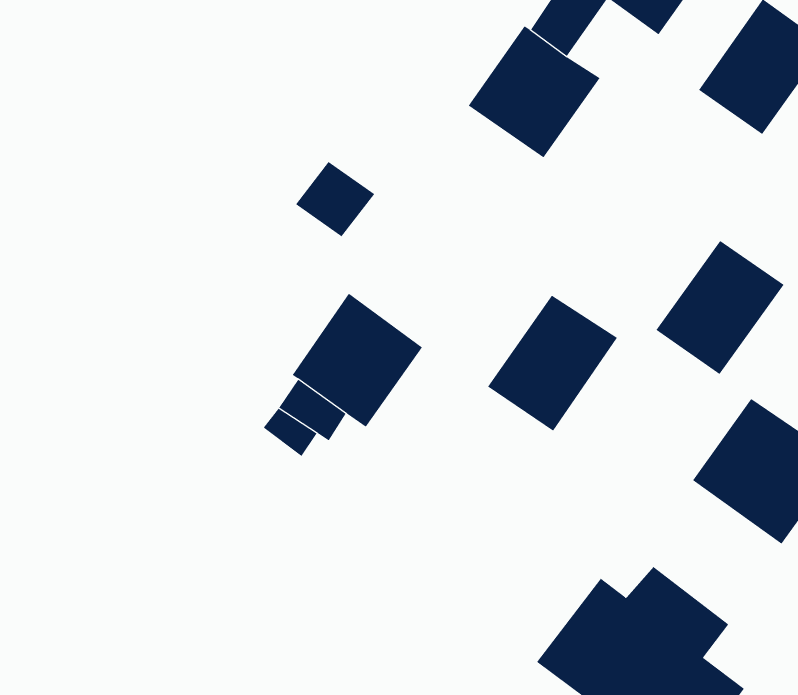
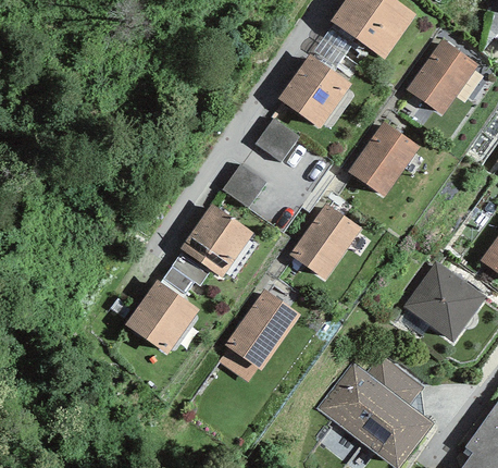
building: none -> [253,118,299,162]
building: [295,161,375,237] -> [221,164,265,207]
building: [656,240,784,375] -> [347,121,419,196]
building: none -> [124,280,198,355]
building: none -> [219,290,300,381]

